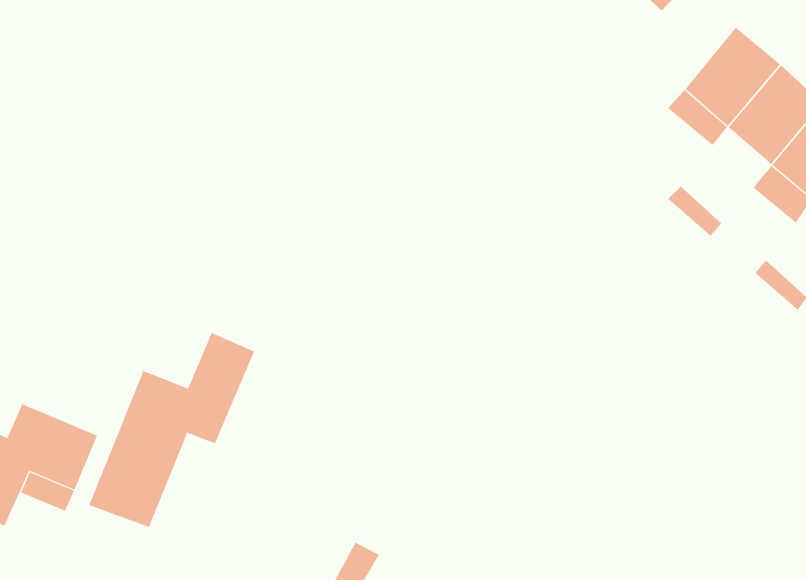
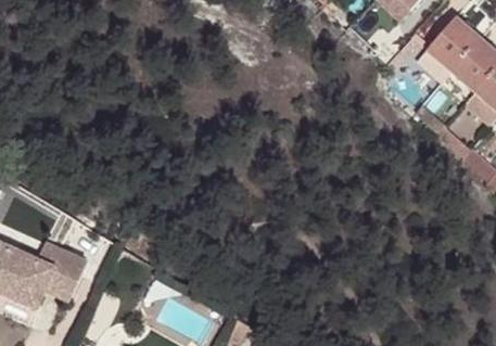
building: [88,332,255,528] -> none

